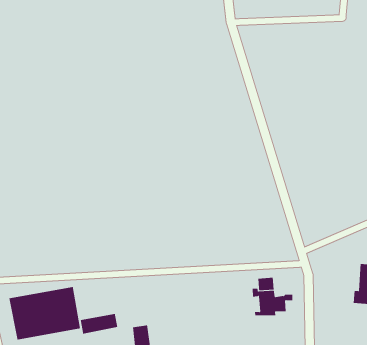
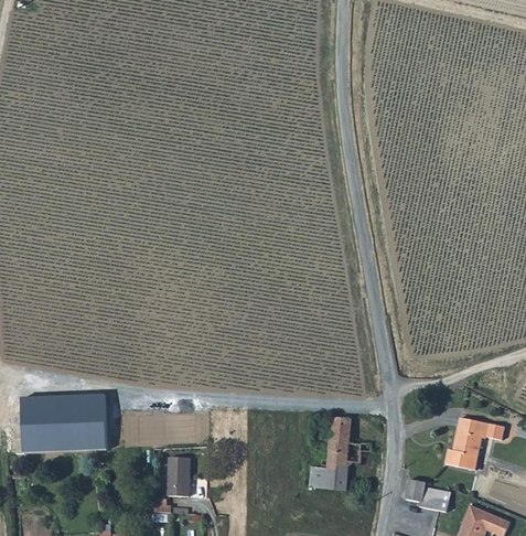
building: [80,313,118,335] -> none
building: none -> [310,464,347,490]
building: none -> [406,480,448,511]

